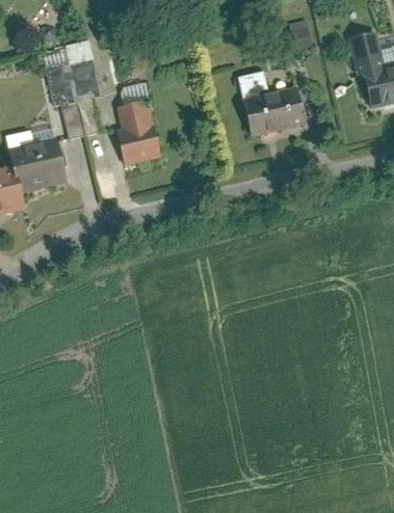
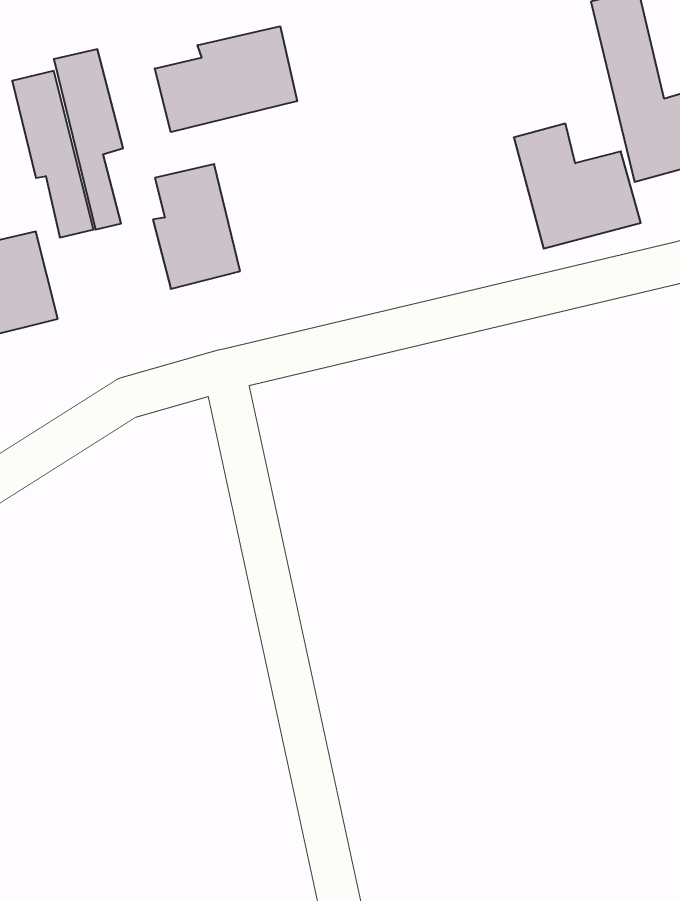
building: none -> [155,26,297,132]
building: [237,71,304,136] -> [514,124,641,249]

